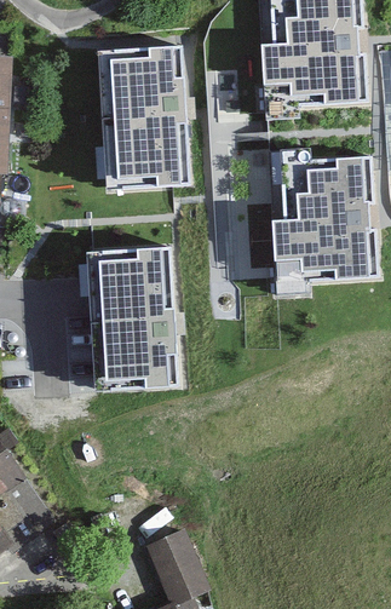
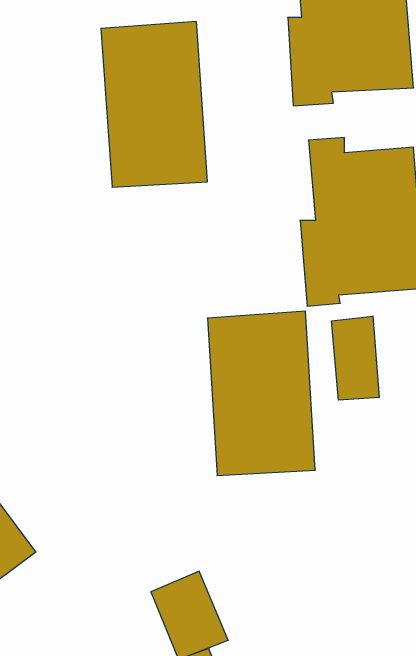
building: [86,245,180,389] -> [207,311,315,476]
building: none -> [332,316,379,400]

